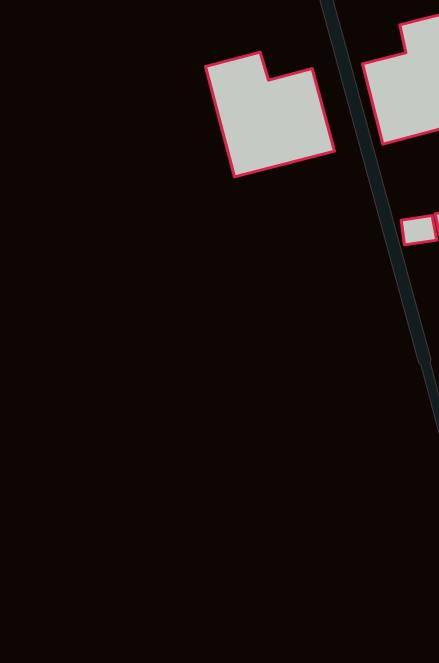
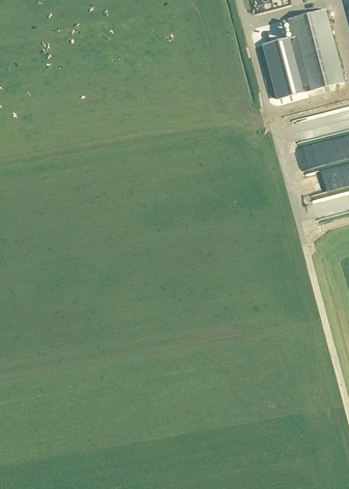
building: [206,52,335,177] -> none

